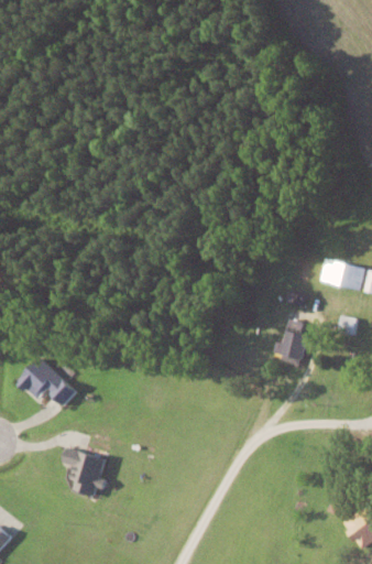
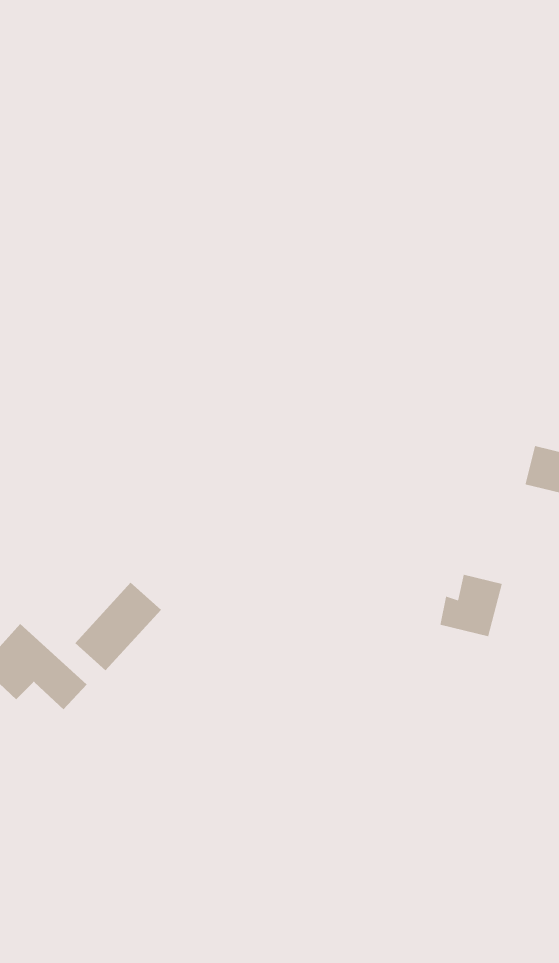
building: none -> [74,582,162,671]
building: [62,447,105,496] -> none

